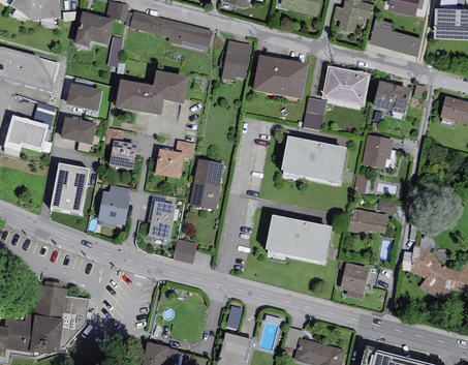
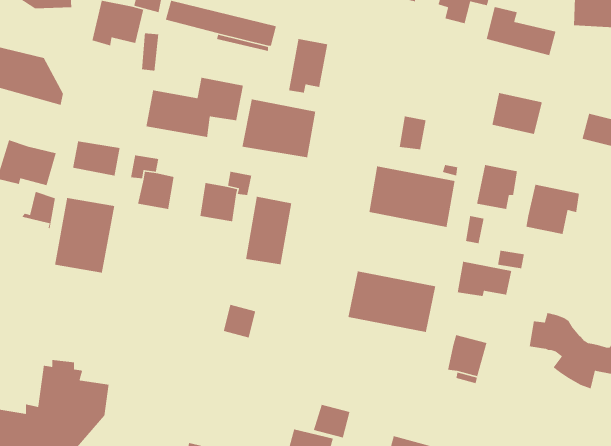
building: [252,55,308,99] -> [241,99,316,158]
building: [322,68,368,104] -> none
building: [66,84,102,111] -> none
building: [28,102,54,131] -> [21,191,56,229]
building: none -> [525,184,580,235]
building: [97,186,130,226] -> none
building: [148,202,176,241] -> none
building: none -> [313,404,351,439]

